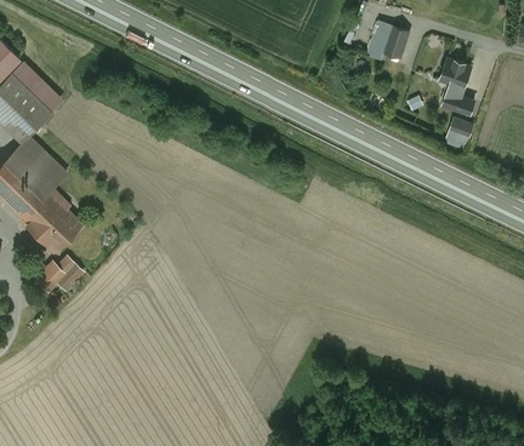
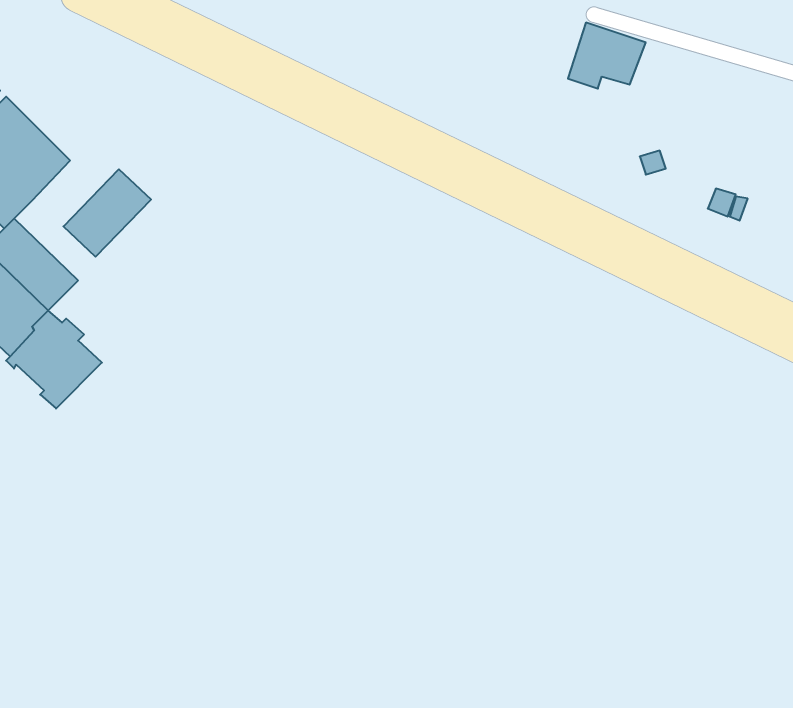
building: [440,61,474,114] -> none
building: none -> [63,169,151,257]
building: [33,258,82,292] -> none

